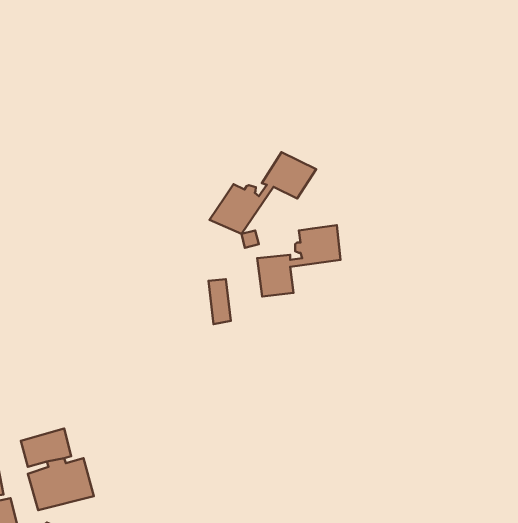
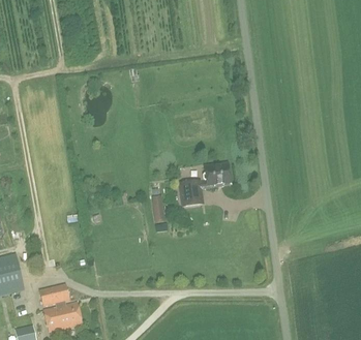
building: [209,152,316,234] -> none

